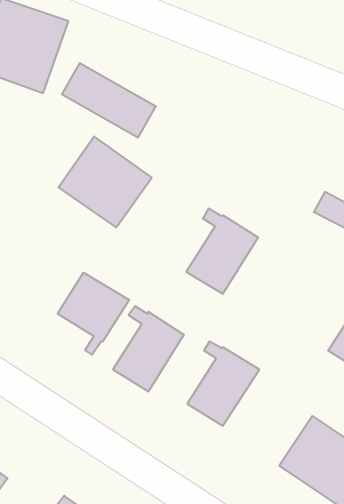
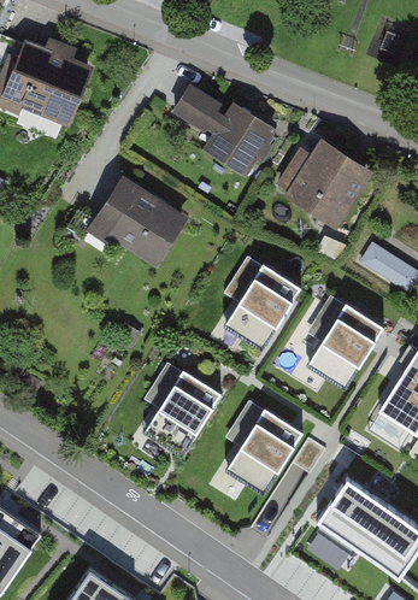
building: [62,63,156,137] -> [170,83,272,164]
building: none -> [279,136,373,234]
building: none -> [305,296,383,389]
building: [58,273,129,355] -> none

